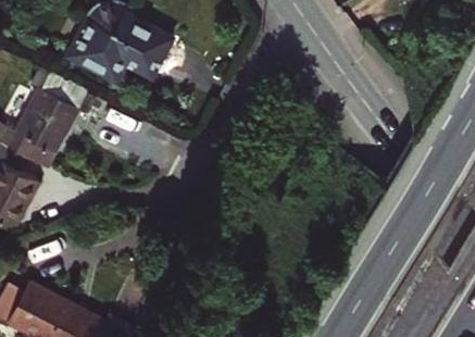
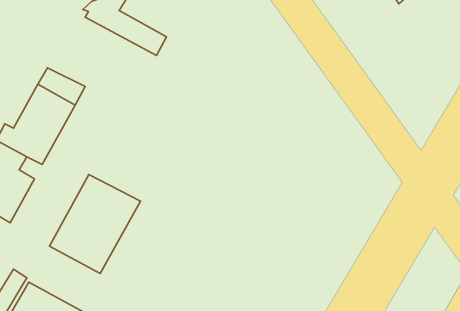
building: [71,23,159,80] -> none
building: none -> [50,174,140,273]

